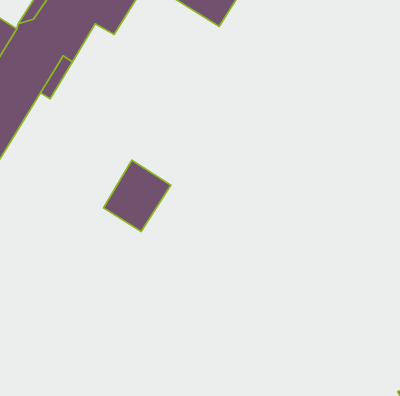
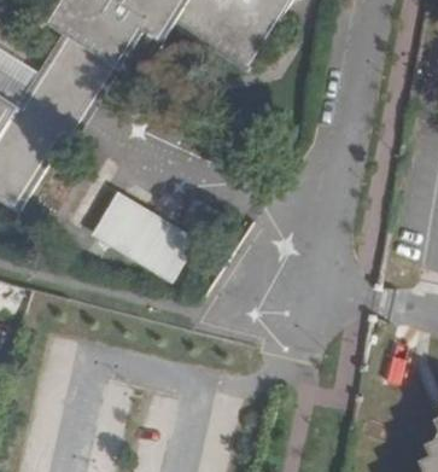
building: none -> [84,181,154,255]

